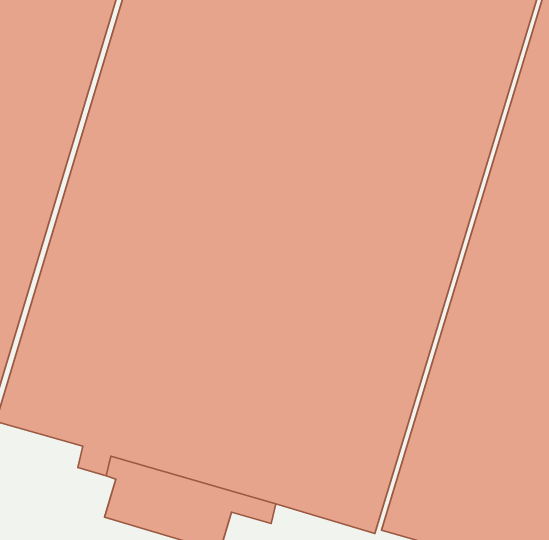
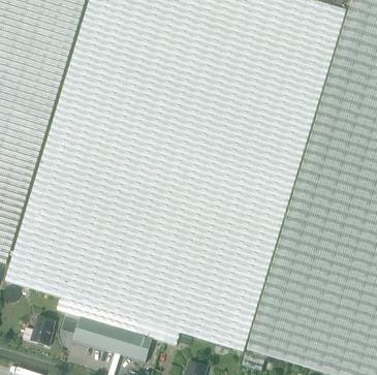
building: none -> [31,315,56,345]

